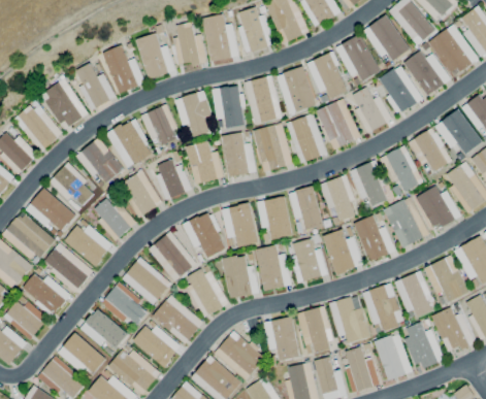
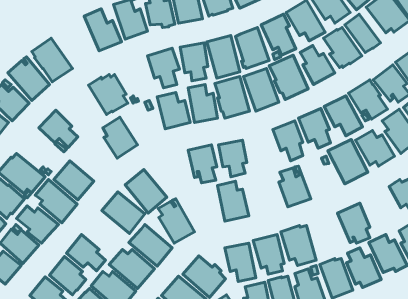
building: [74,62,116,110] -> none
building: [140,104,177,145] -> none
building: [75,137,124,182] -> none
building: [156,159,192,200] -> none
building: [289,186,323,230] -> none
building: [26,188,76,230] -> none
building: [94,197,136,240] -> none
building: [183,212,226,258] -> none
building: [354,214,396,262] -> none
building: [291,238,328,282] -> none
building: [221,253,257,298] -> none
building: [424,255,469,302] -> none
building: [101,281,148,325] -> none
building: [363,282,404,334] -> none

